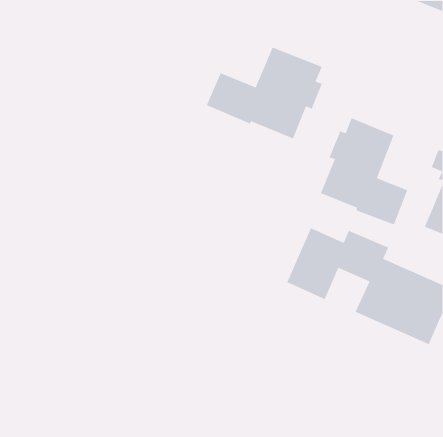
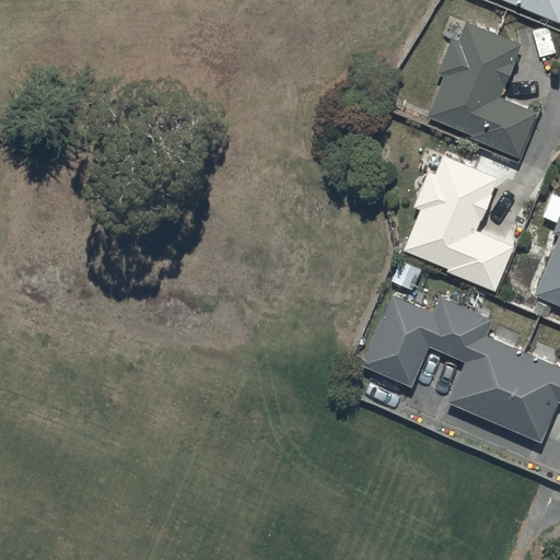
building: none -> [428,24,538,159]
building: [206,47,323,139] -> none

